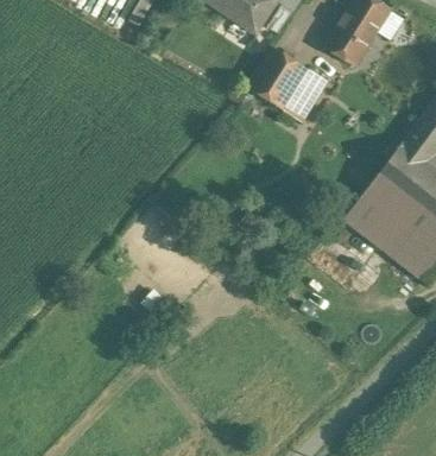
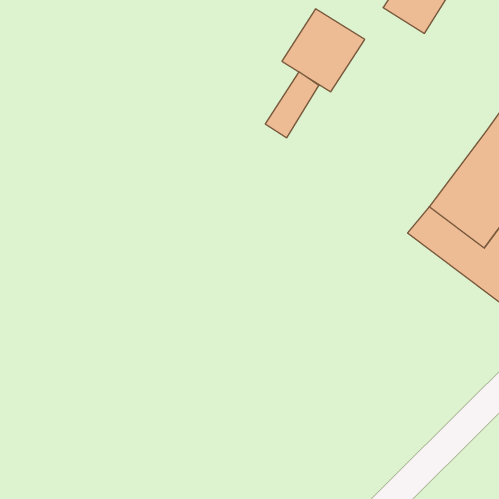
building: [284,70,326,121] -> [265,72,319,138]

